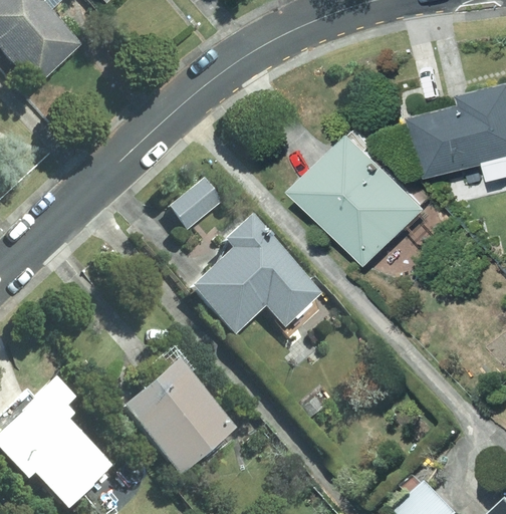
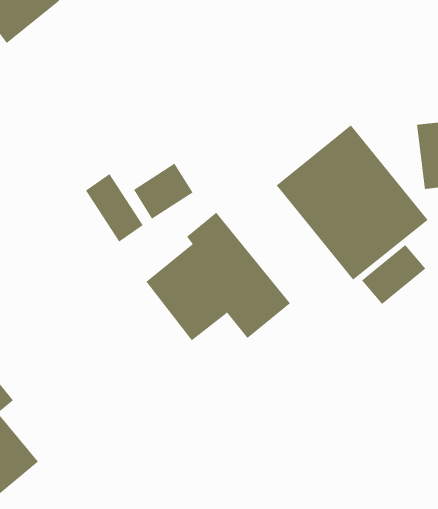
building: none -> [85,173,144,242]
building: none -> [361,244,426,305]
building: [117,357,235,475] -> none

